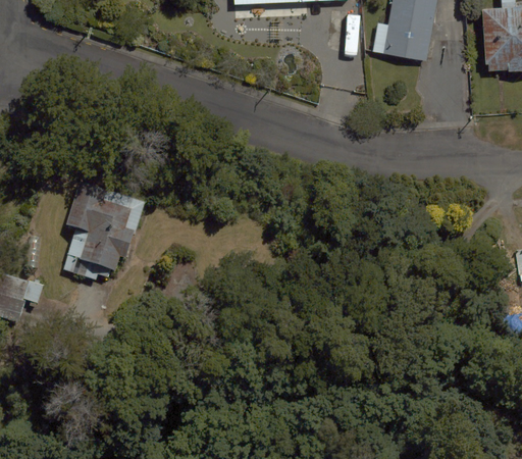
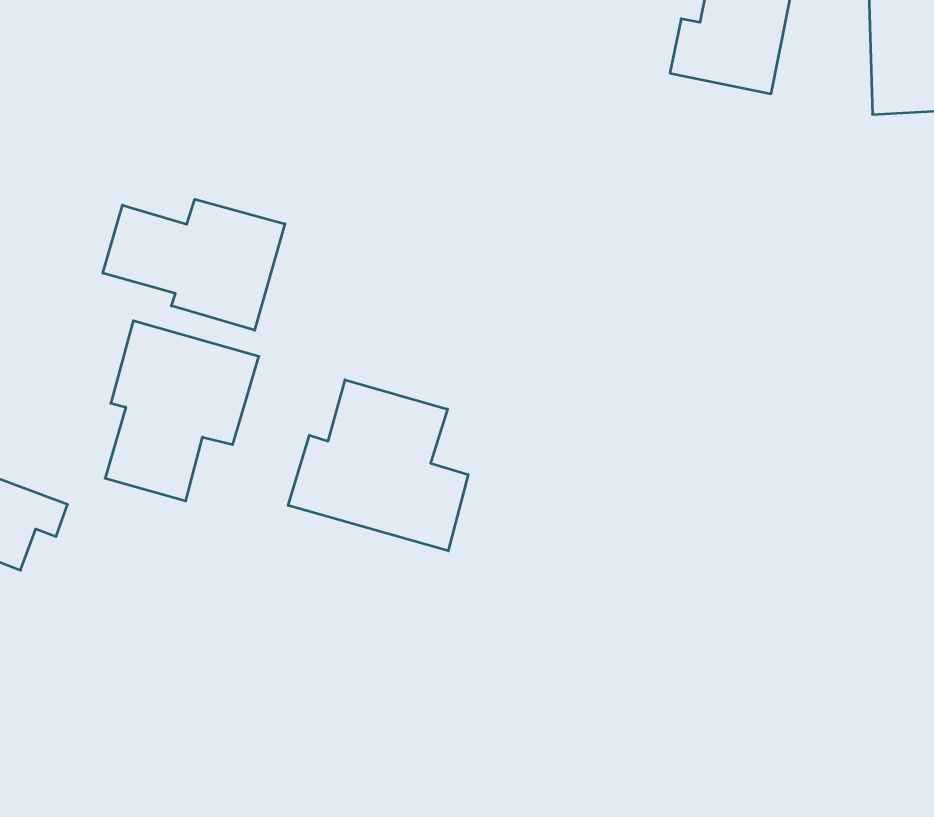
building: none -> [103,199,285,330]
building: none -> [288,380,468,551]

